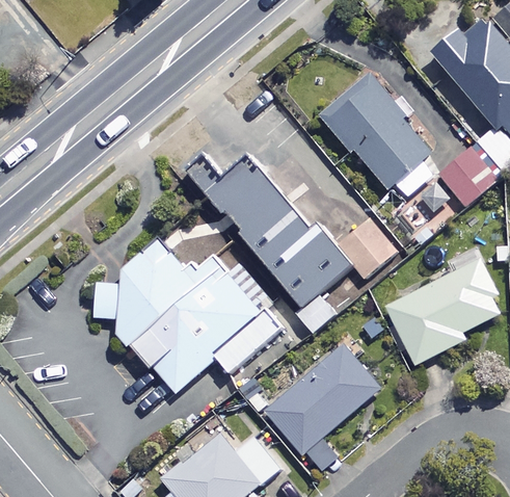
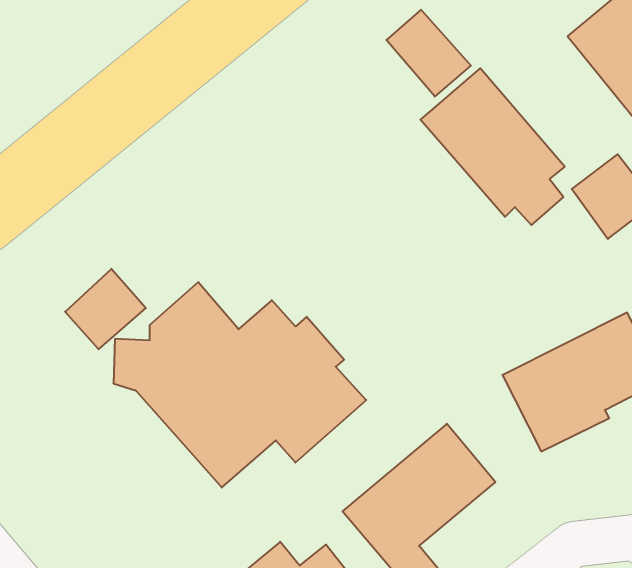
building: none -> [386,10,471,97]
building: [190,156,396,333] -> none
building: none -> [65,269,146,349]

